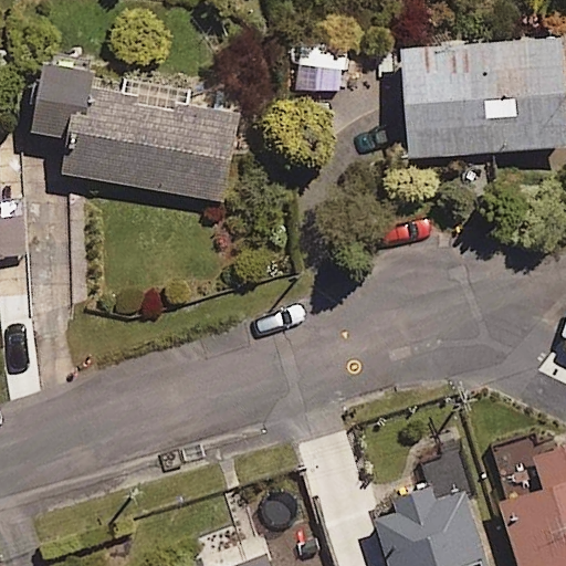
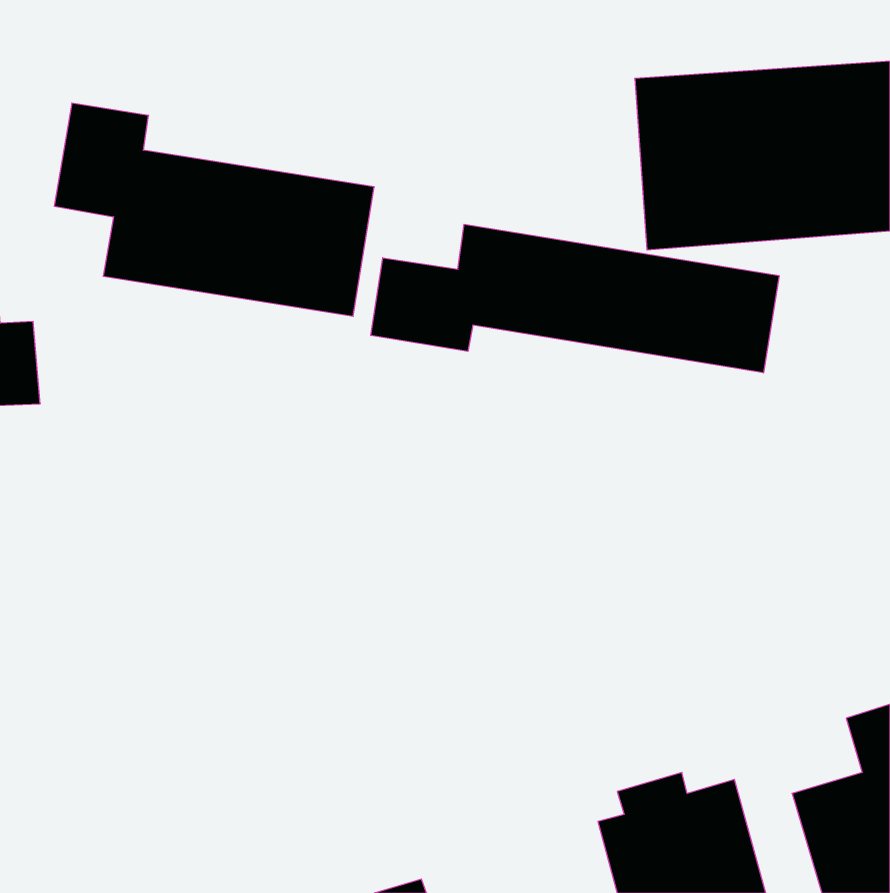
building: none -> [371,224,779,373]

